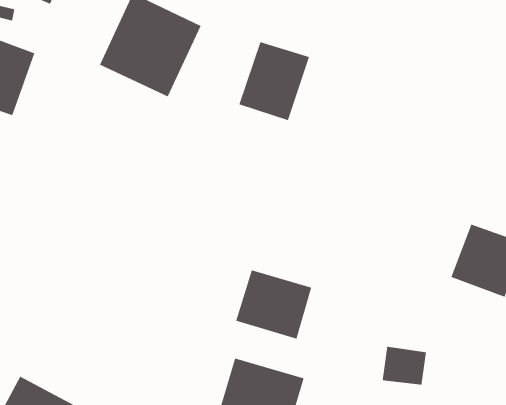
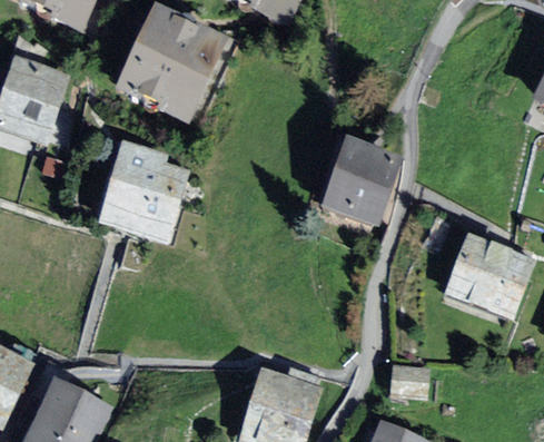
building: [239,42,310,121] -> [332,148,398,223]
building: none -> [110,155,187,230]
building: [236,270,312,339] -> none

